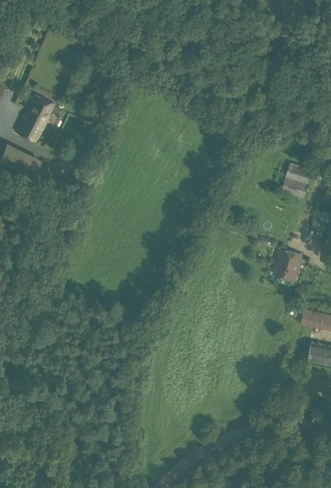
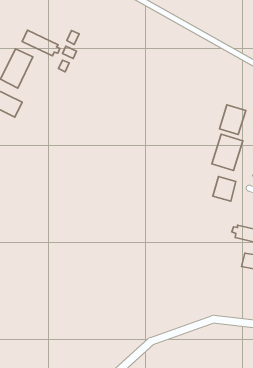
building: none -> [22,30,60,56]
building: none -> [212,134,243,171]

